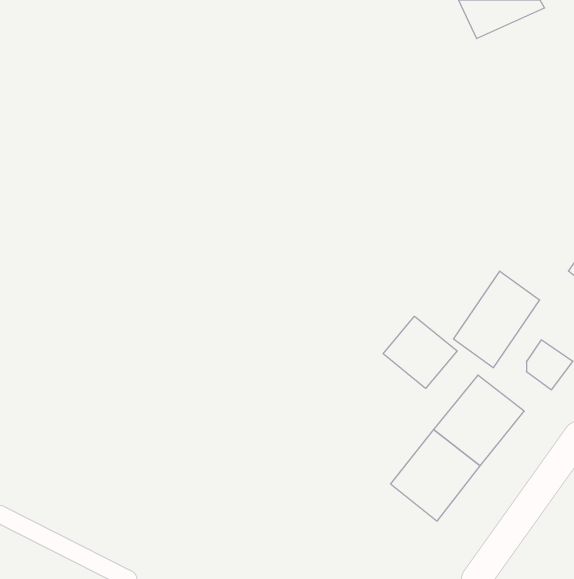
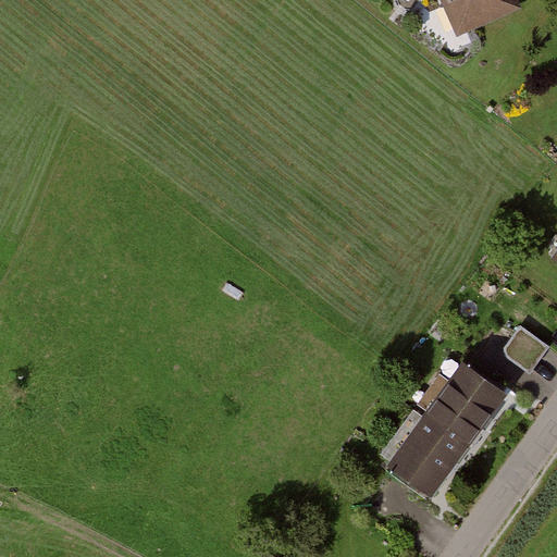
building: [454,271,540,368] -> none
building: [383,316,457,388] -> none

